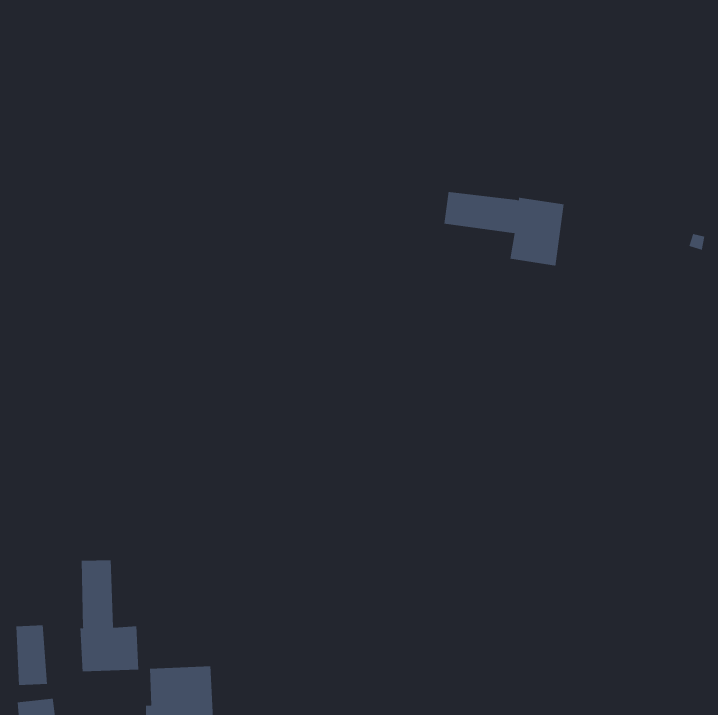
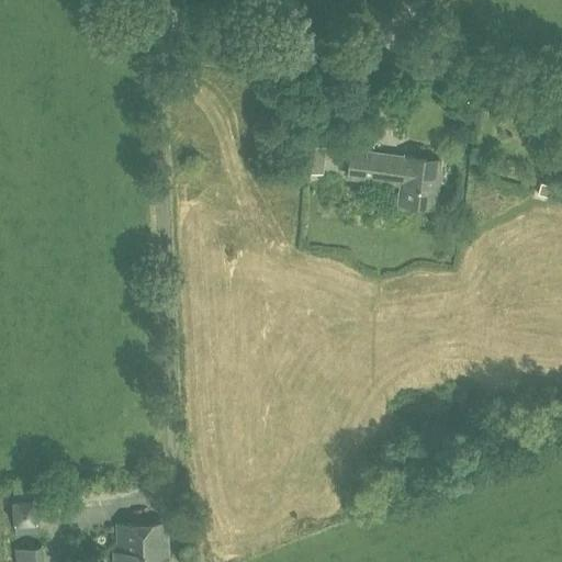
building: [80,559,139,672] -> none

